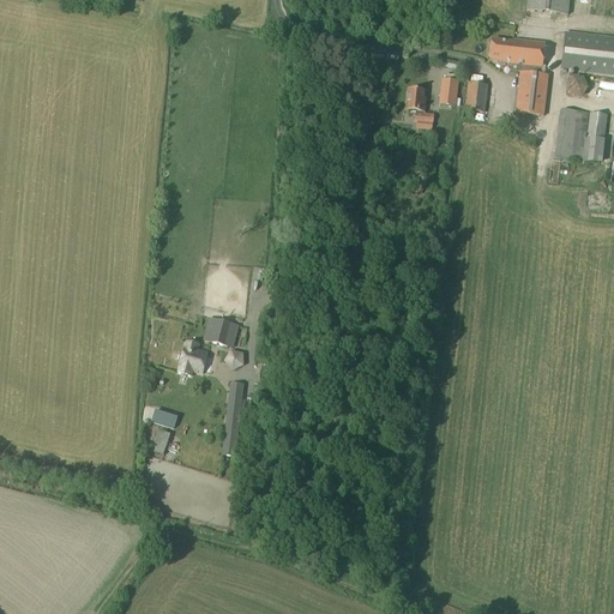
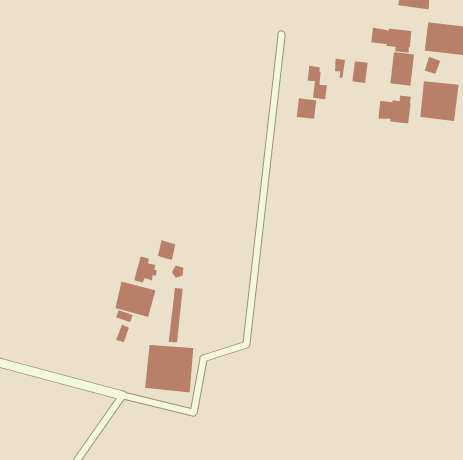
building: none -> [378,95,412,124]
building: none -> [296,98,317,120]
building: none -> [115,281,156,318]
building: none -> [145,344,194,393]

